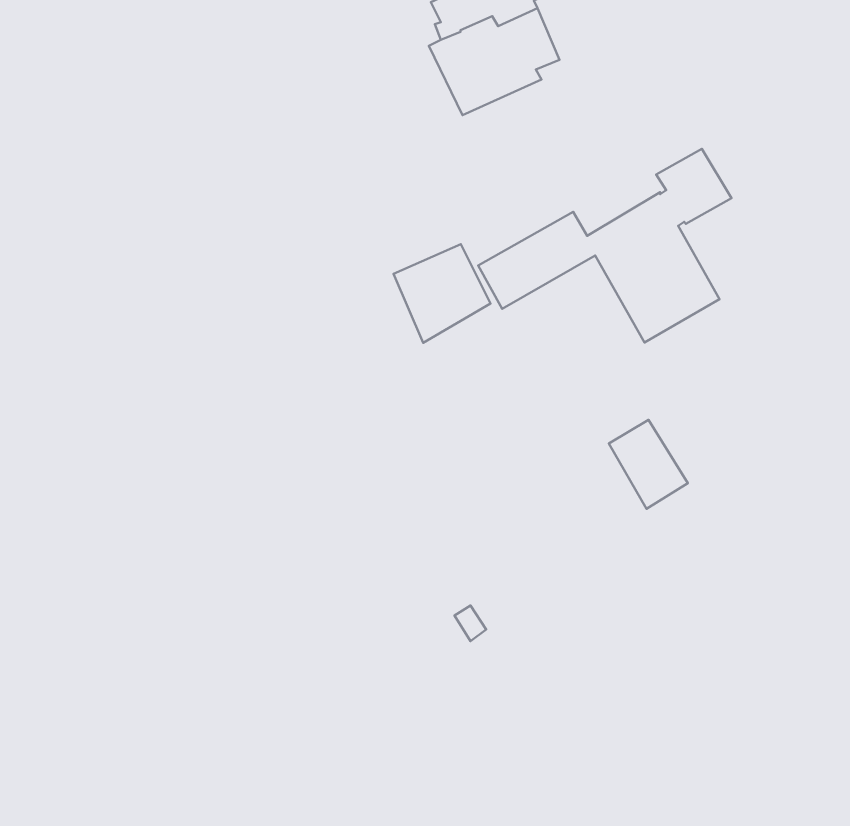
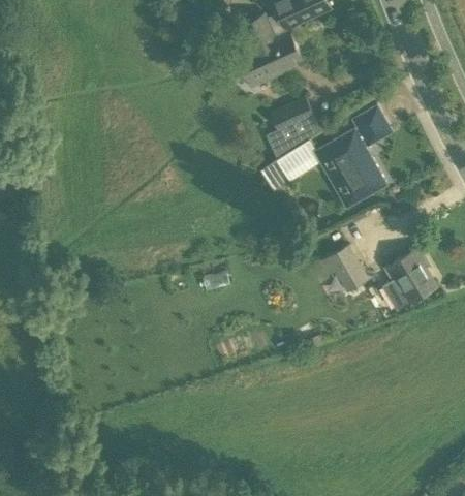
building: [394,244,490,343] -> [271,99,321,151]
building: none -> [382,249,437,311]

